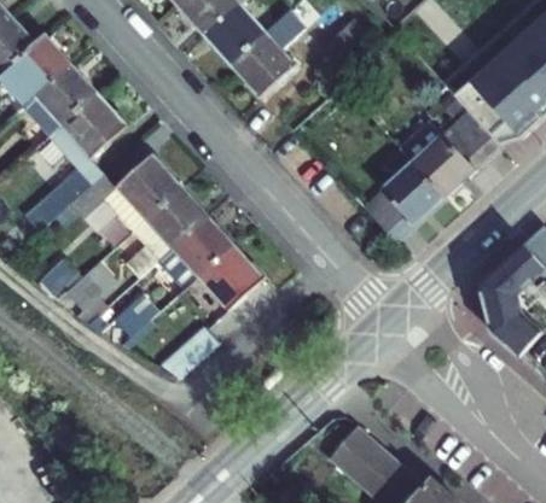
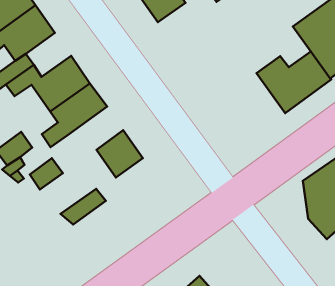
building: [365,148,446,241] -> none
building: [159,216,233,297] -> none

